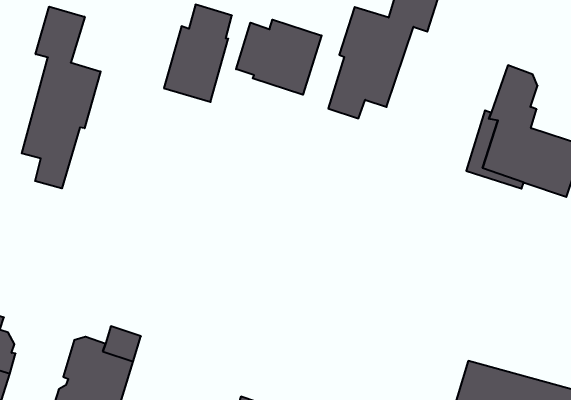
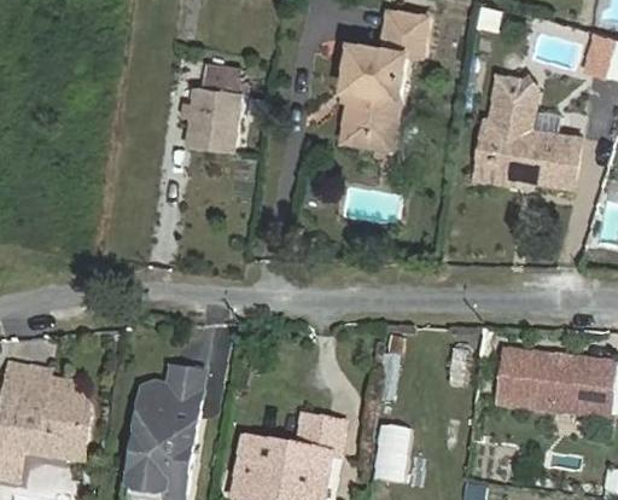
building: [22,7,101,188] -> none
building: [236,20,322,95] -> none

